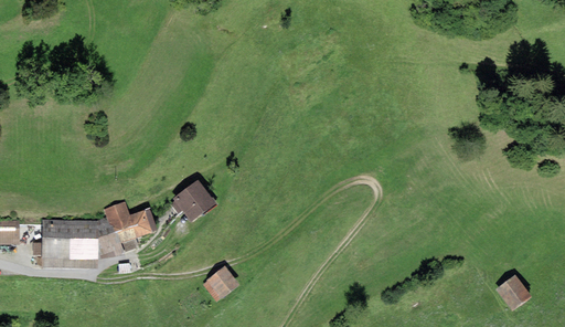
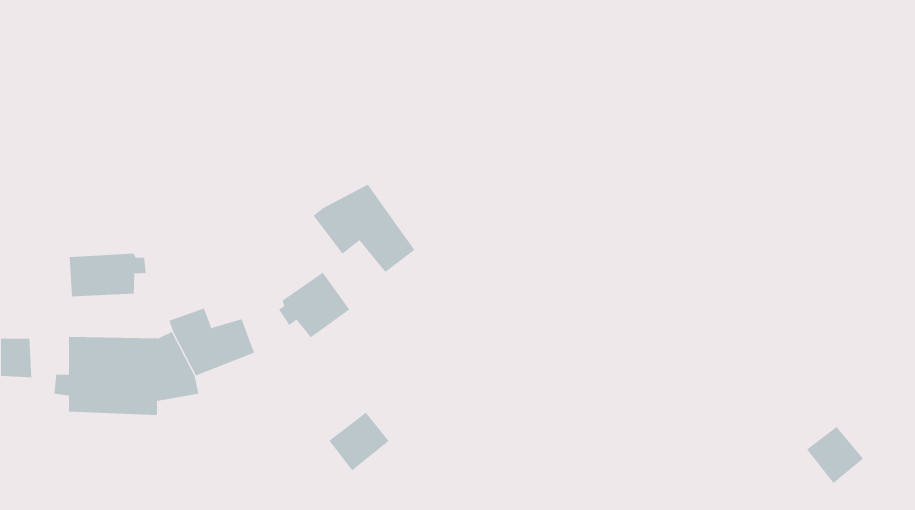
building: none -> [313,184,415,273]
building: none -> [69,253,146,297]

